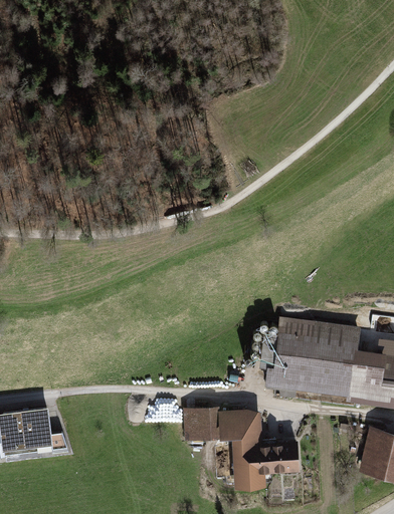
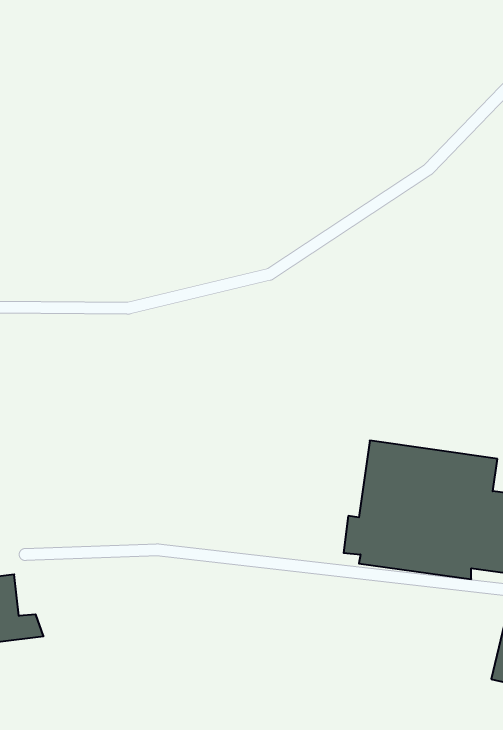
building: [182,406,300,486] -> none

